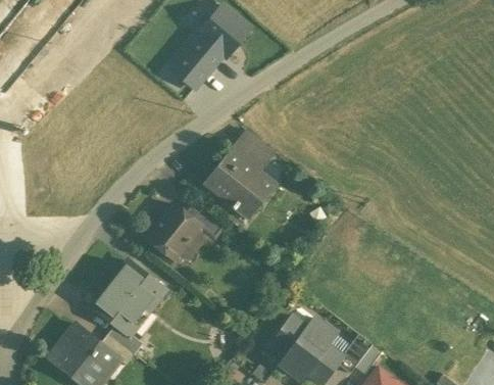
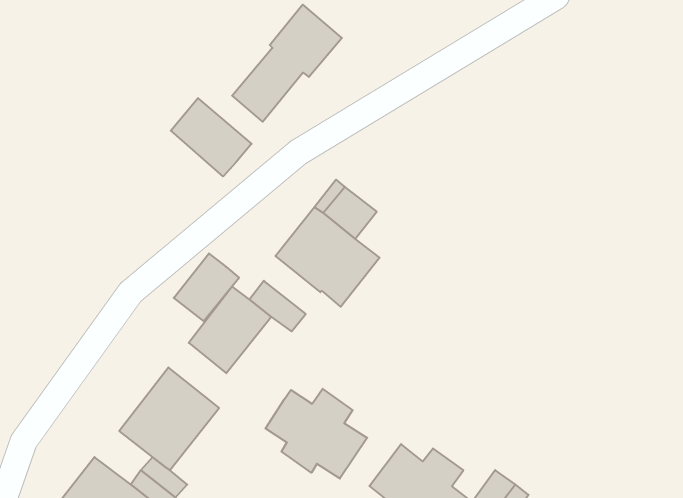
building: none -> [171,98,252,176]
building: none -> [174,253,239,321]
building: none -> [266,389,367,479]

